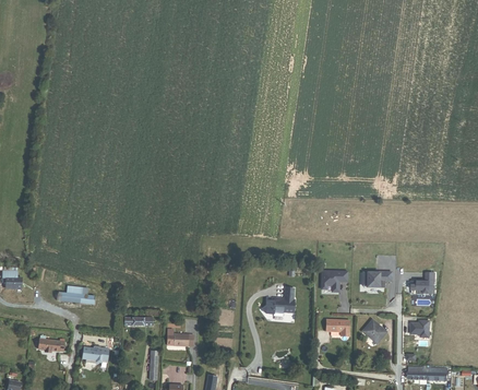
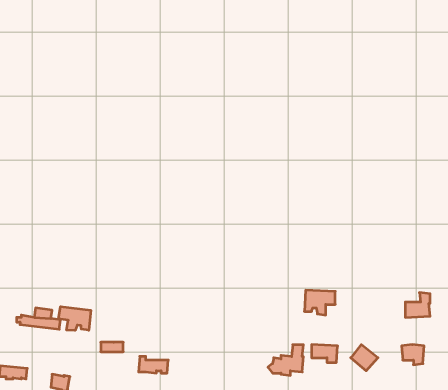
building: [360,270,392,286] -> none
building: none -> [59,307,91,330]
building: [261,287,294,316] -> [268,345,303,375]

